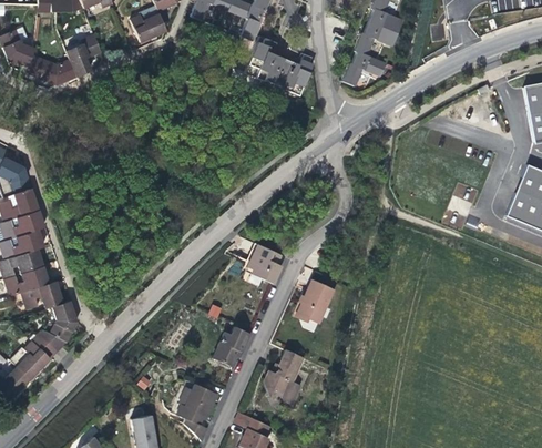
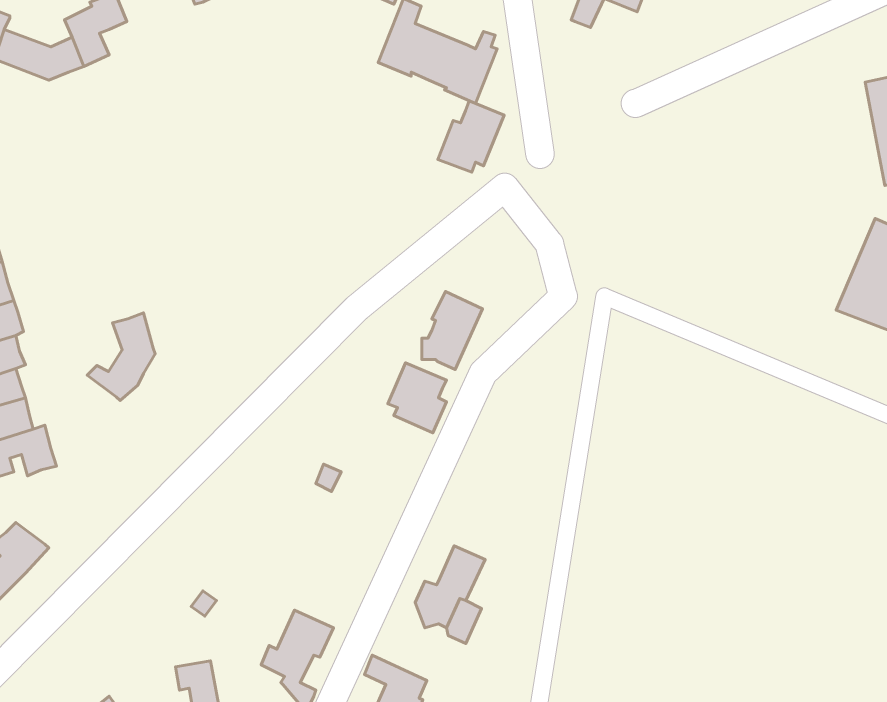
building: [341,51,384,83] -> none
building: none -> [438,101,504,172]
building: [300,279,335,324] -> [422,291,482,369]
building: [38,301,76,350] -> [87,313,155,401]
building: [214,327,253,367] -> none

